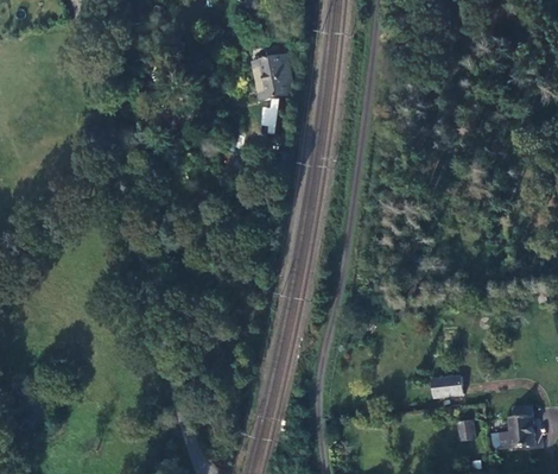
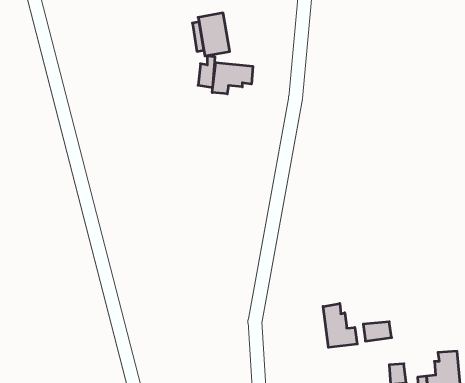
building: none -> [212,62,253,94]
building: none -> [323,303,357,347]

